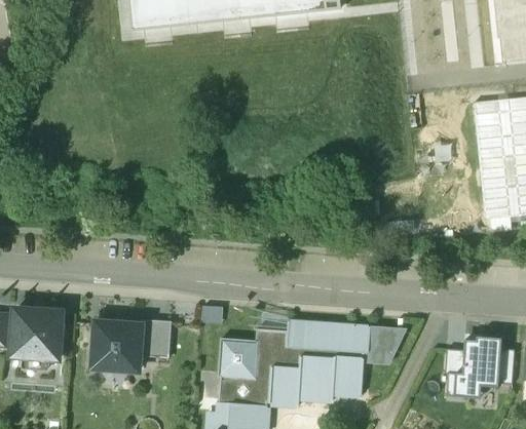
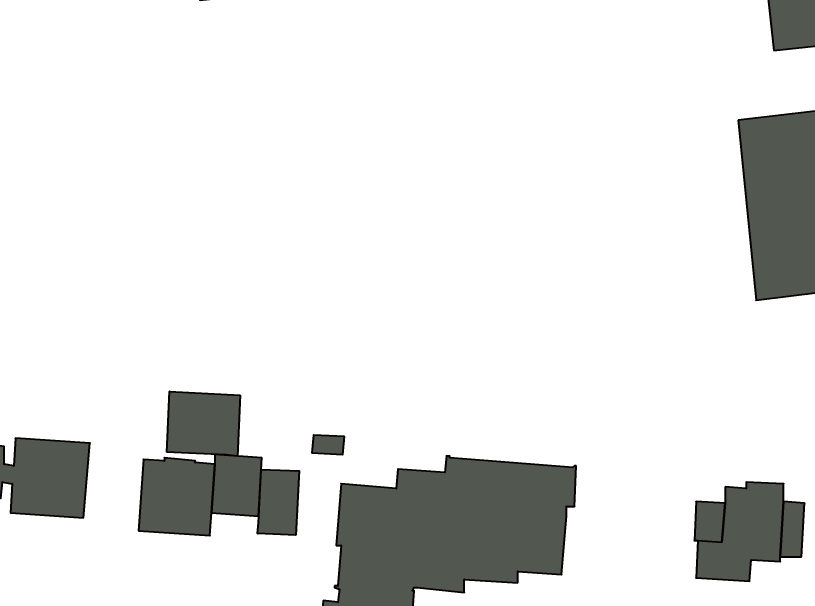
building: none -> [167,391,240,456]
building: [365,324,405,359] -> none
building: none -> [258,469,299,535]

